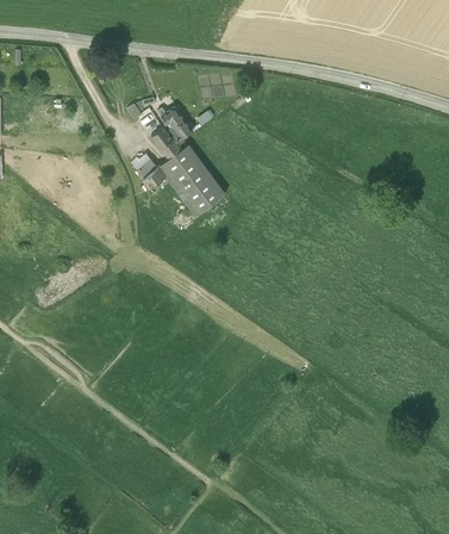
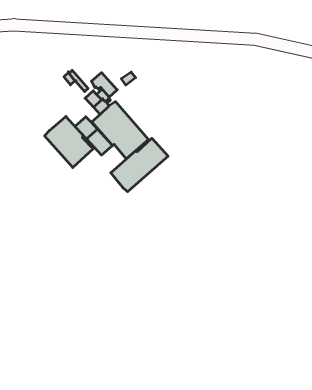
building: none -> [45,116,93,168]
building: none -> [111,138,168,192]

